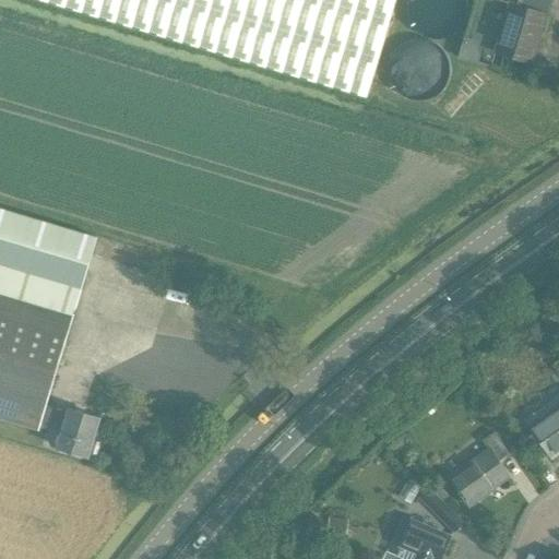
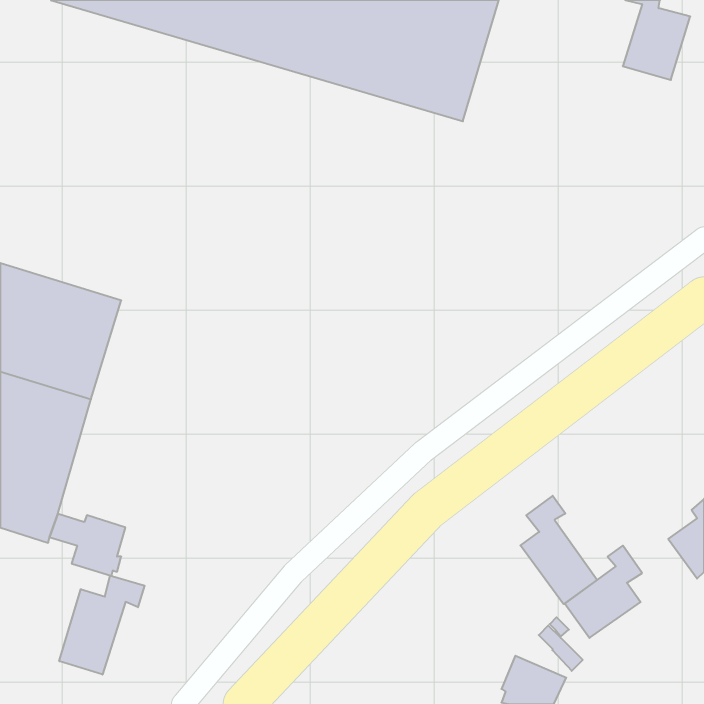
building: none -> [520,496,597,604]
building: none -> [59,576,145,675]

